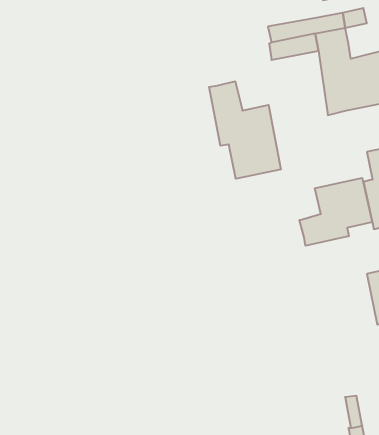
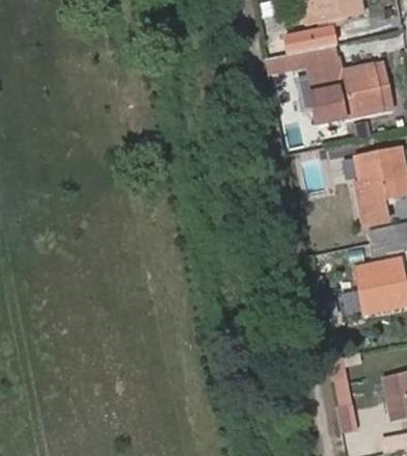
building: [209,81,281,179] -> none
building: [299,178,372,246] -> none

